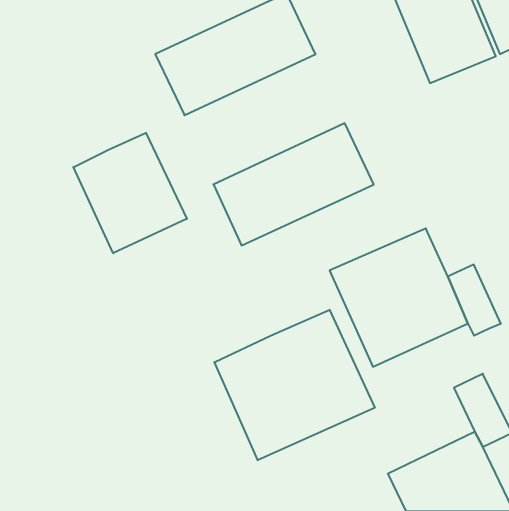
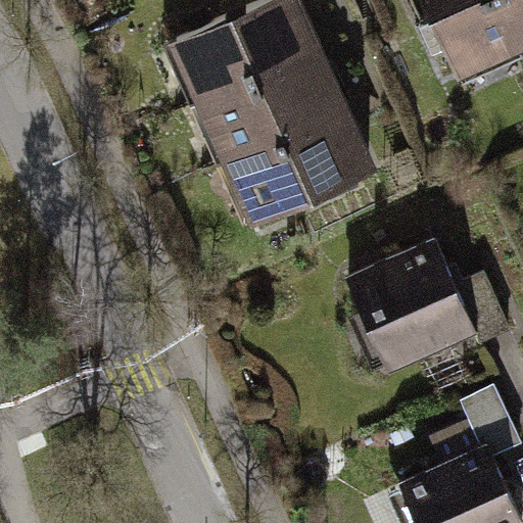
building: none -> [190,60,353,185]
building: [73,133,187,253] -> none
building: [214,310,375,460] -> none

